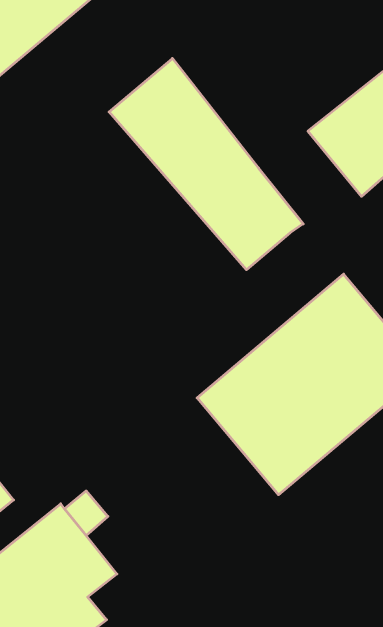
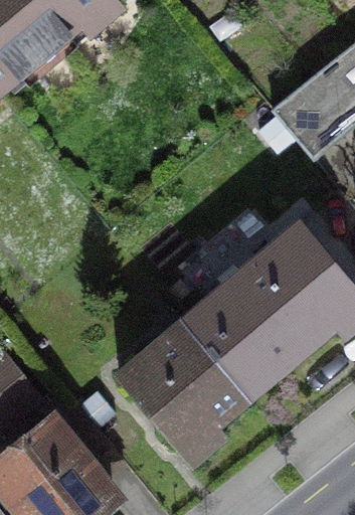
building: [109,58,303,270] -> none
building: none -> [119,322,248,453]

